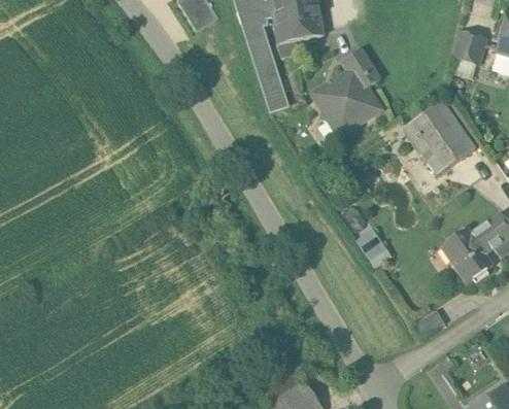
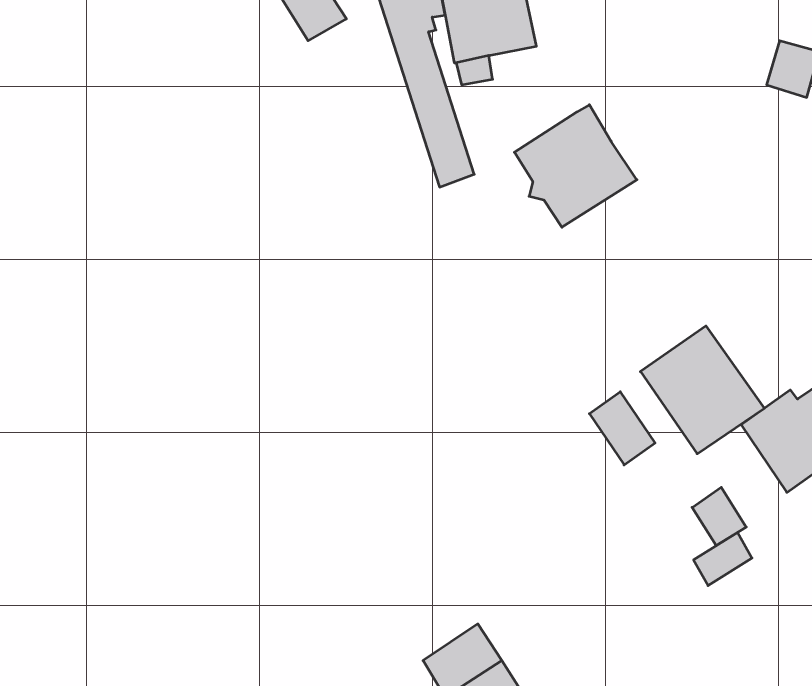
building: [341,47,381,87] -> none
building: [405,101,475,173] -> [640,326,765,454]
building: none -> [692,487,746,545]

